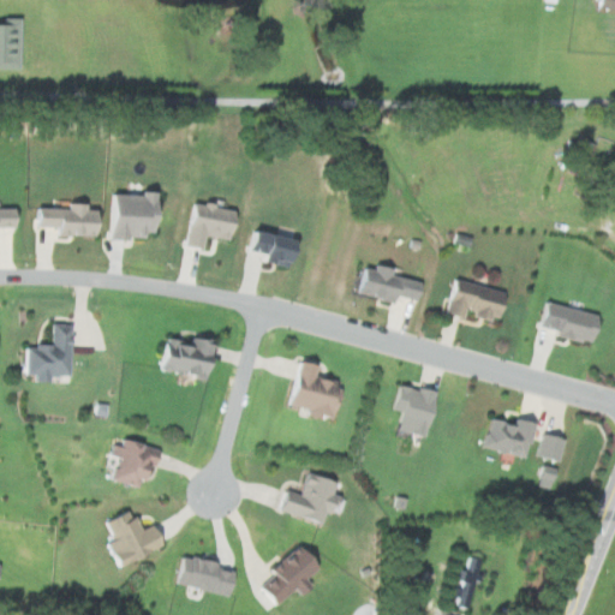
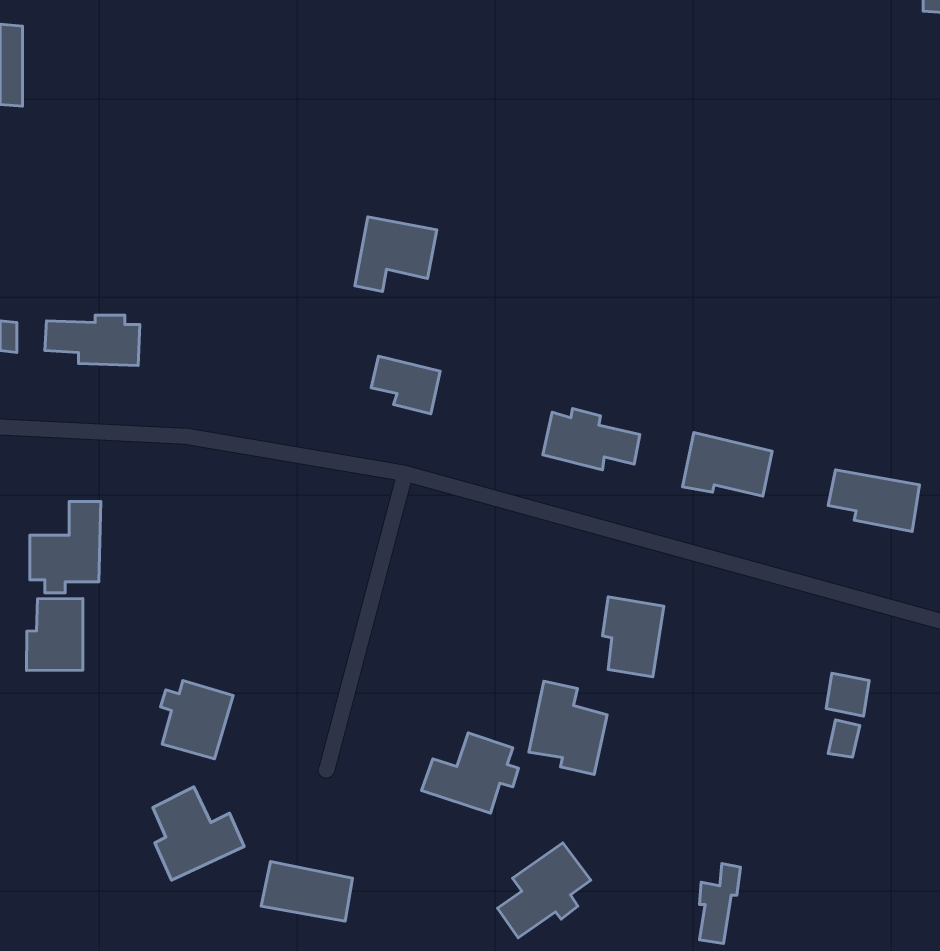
building: [111,191,161,238] -> none
building: [187,201,240,249] -> [355,217,437,291]
building: [160,335,219,380] -> none
building: [291,359,341,419] -> [529,681,607,774]
building: none -> [26,599,83,671]
building: [485,418,537,458] -> none
building: [262,544,322,605] -> [498,843,591,938]

